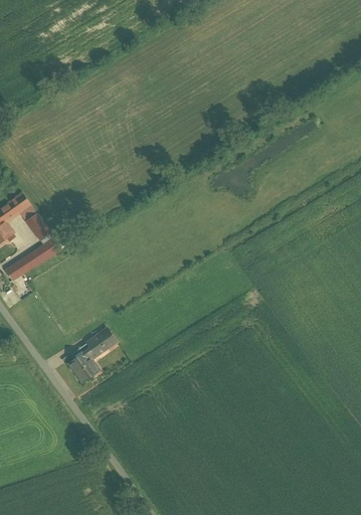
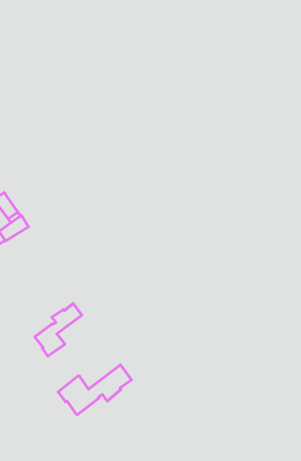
building: none -> [58,365,132,414]

